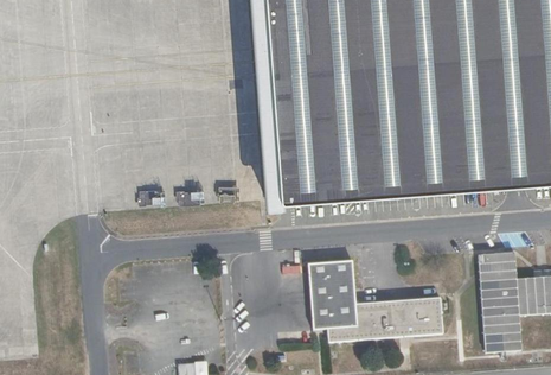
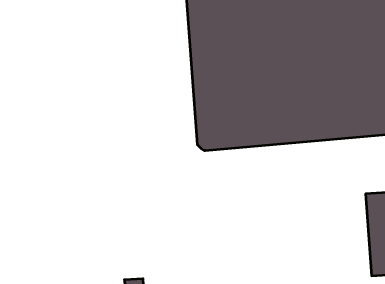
building: [309,263,441,342] -> none

